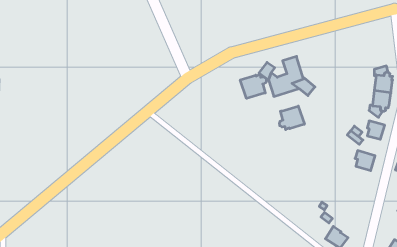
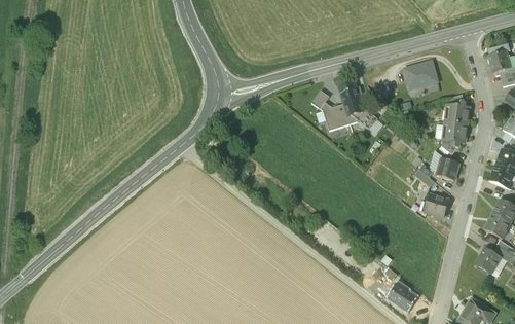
building: none -> [404,61,437,88]
building: [240,74,266,98] -> none
building: [279,106,304,130] -> none

